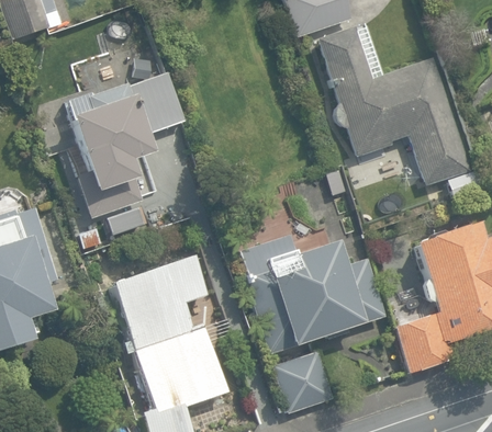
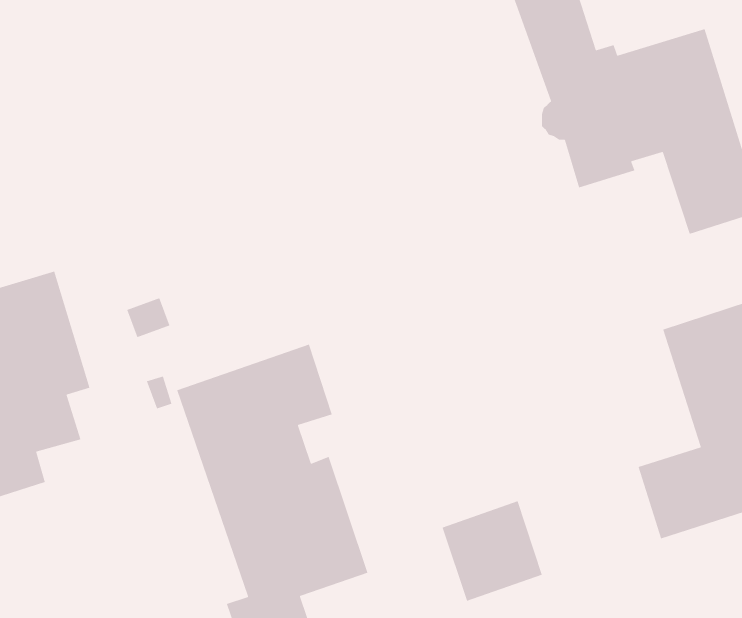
building: [65,69,189,219] -> none
building: [242,235,389,352] -> none

